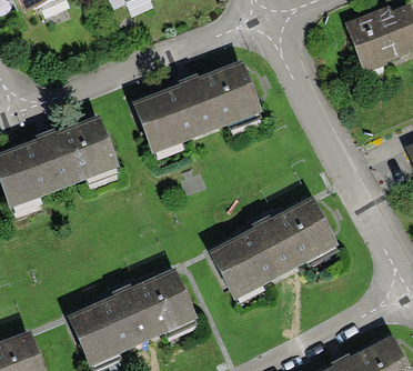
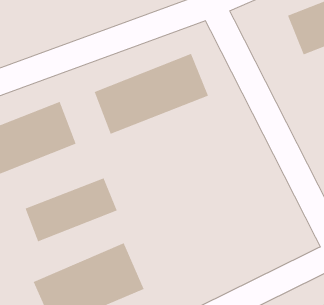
building: none -> [25,177,117,242]
building: [210,201,335,302] -> none

